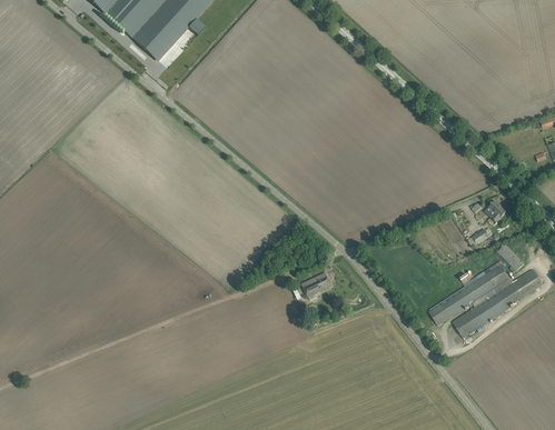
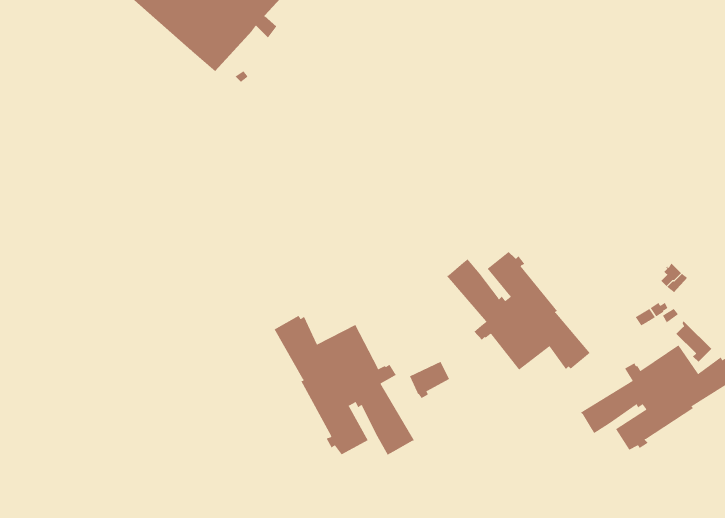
building: none -> [446,251,590,371]
building: none -> [274,315,415,455]

